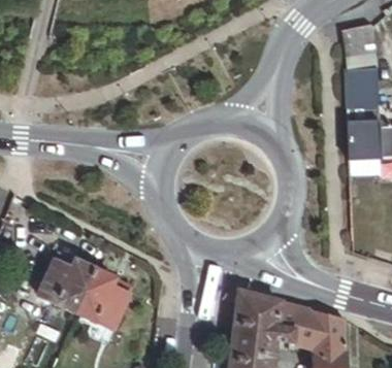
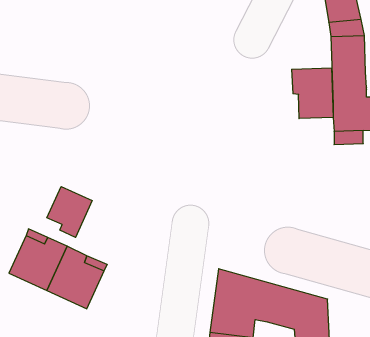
building: none -> [292,68,333,119]
building: none -> [47,187,92,237]

